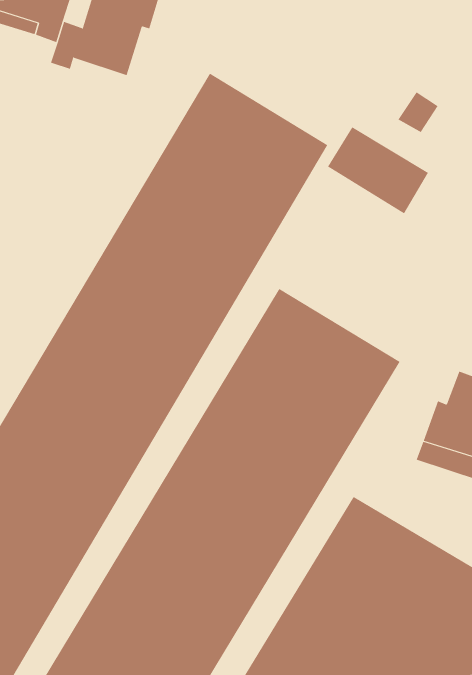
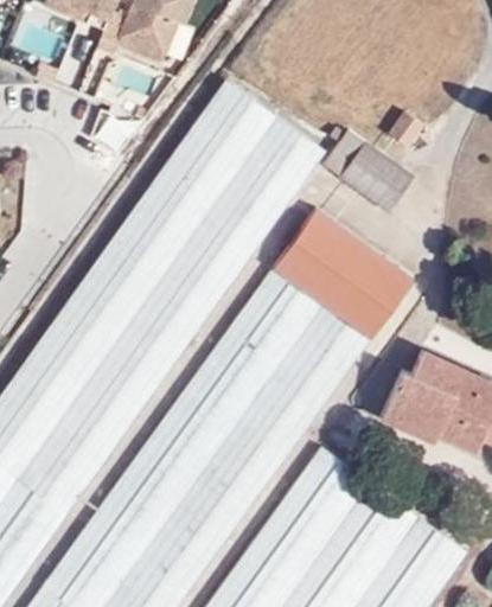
building: none -> [273,207,411,336]

